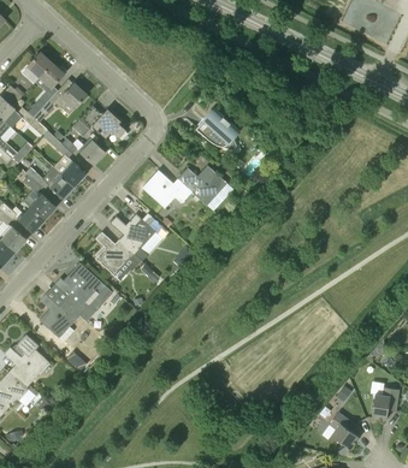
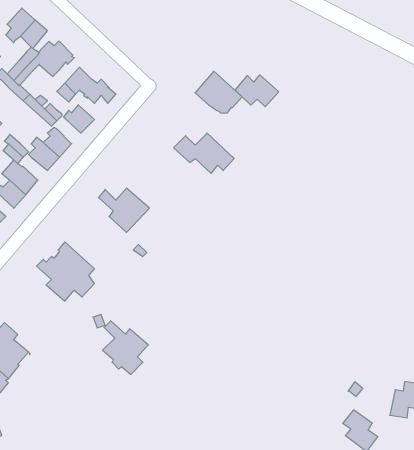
building: none -> [235,75,279,107]
building: [142,170,191,208] -> none
building: [95,232,135,277] -> none
building: [39,294,79,342] -> [103,321,148,374]

